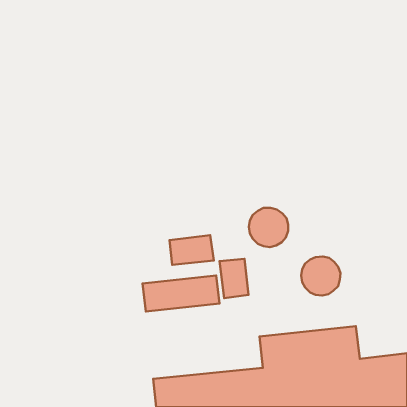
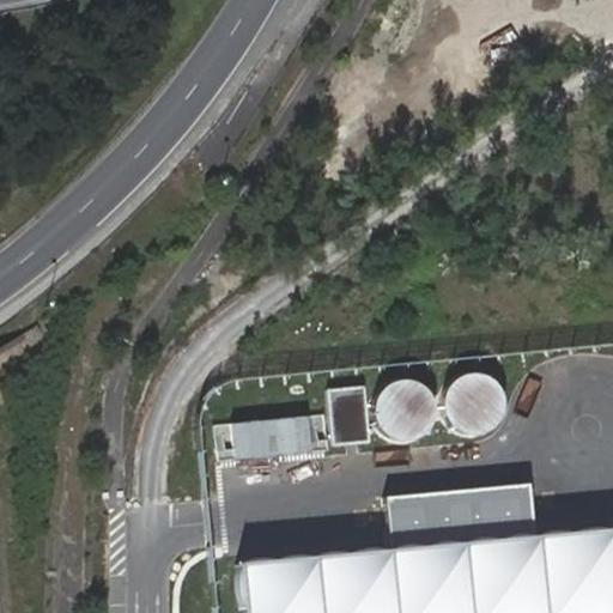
building: [249,208,288,247] -> [382,389,441,448]
building: [170,235,214,265] -> none

